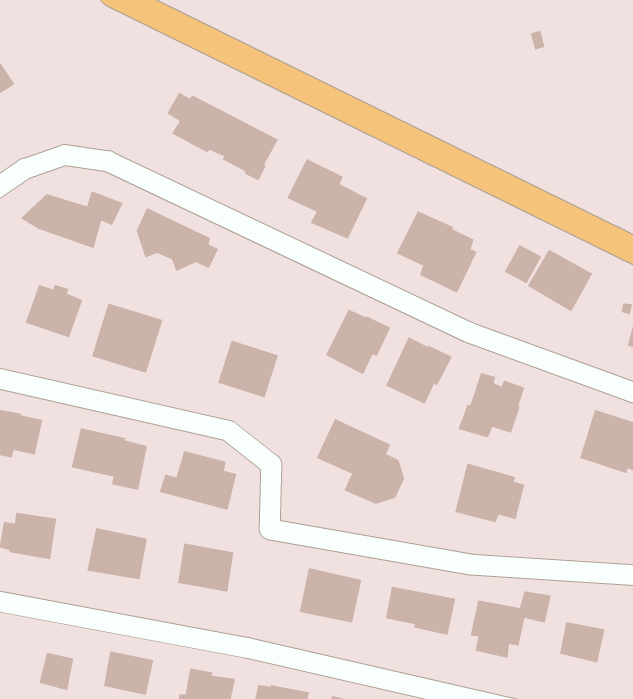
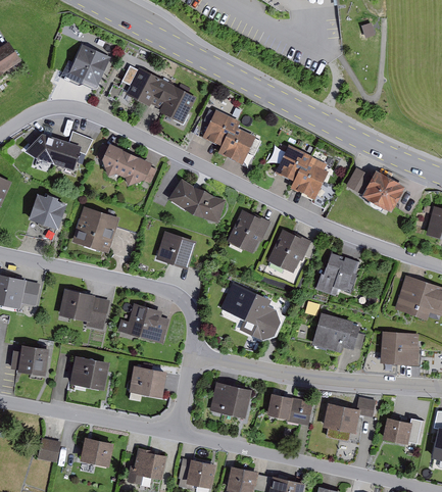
building: none -> [68,45,110,86]
building: none -> [167,179,225,223]
building: none -> [380,332,421,367]

